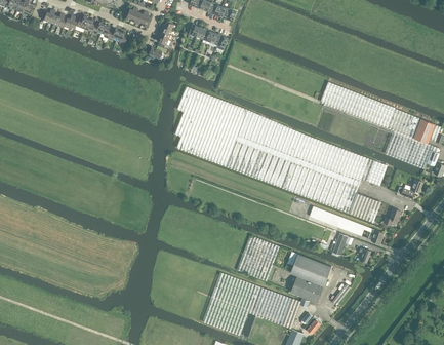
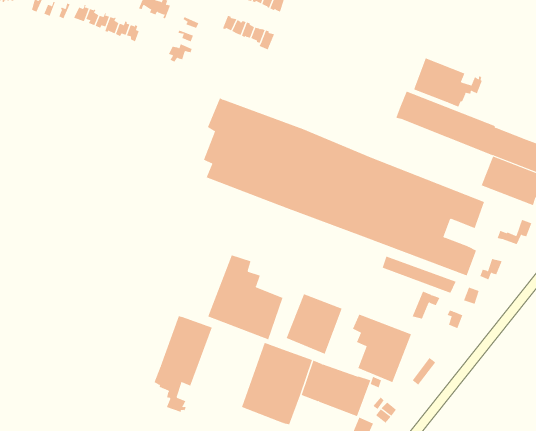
building: none -> [413,58,483,107]
building: none -> [207,254,283,340]
building: none -> [154,315,212,413]

